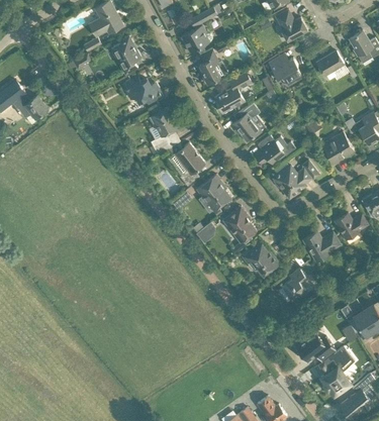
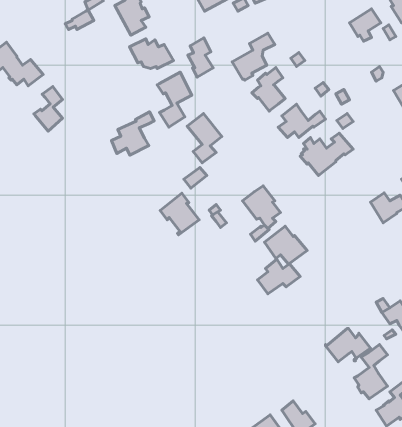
building: [198,49,220,84] -> [188,38,213,77]
building: [268,52,302,86] -> none
building: none -> [34,86,63,131]
building: [321,131,354,165] -> none
building: none -> [112,112,154,155]
building: [196,174,230,210] -> [160,193,199,235]
building: [302,231,340,260] -> none
building: [282,268,319,298] -> [257,259,300,294]

